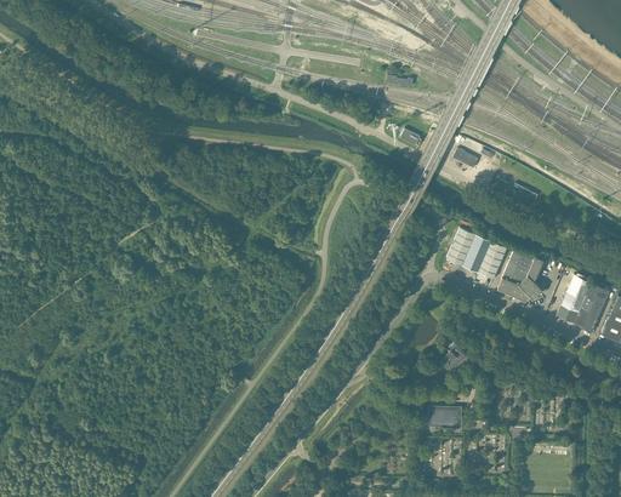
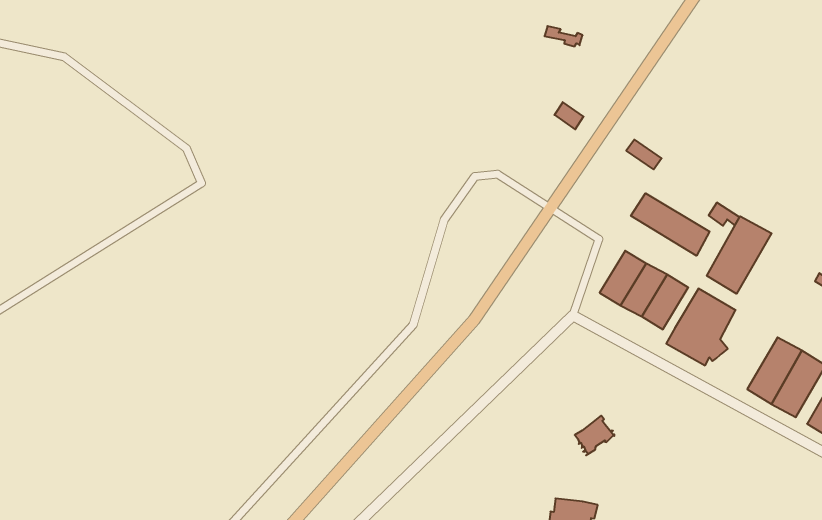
building: none -> [631,193,710,256]
building: none -> [707,216,772,294]

